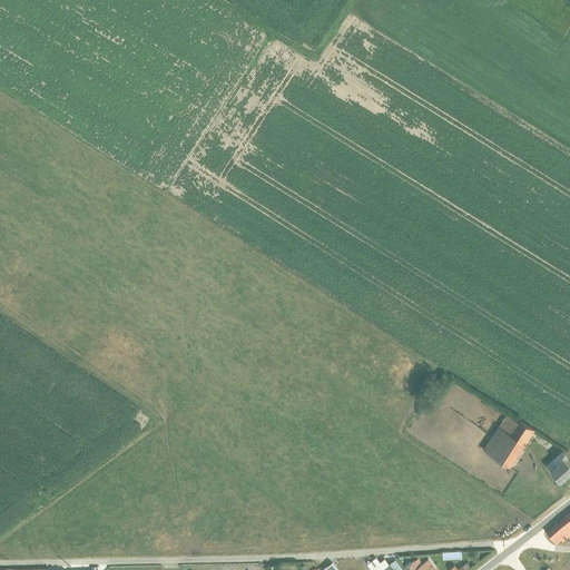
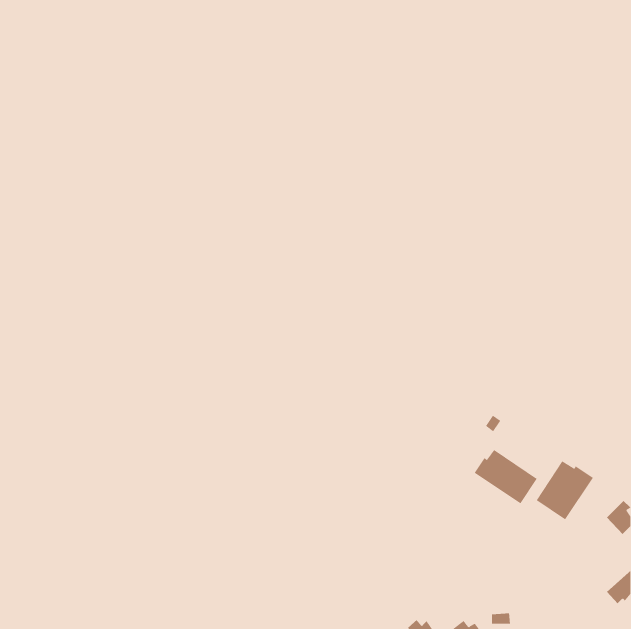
building: none -> [474,449,538,504]

